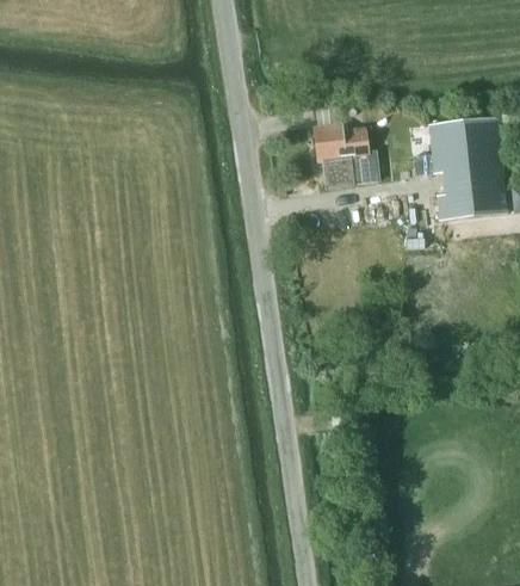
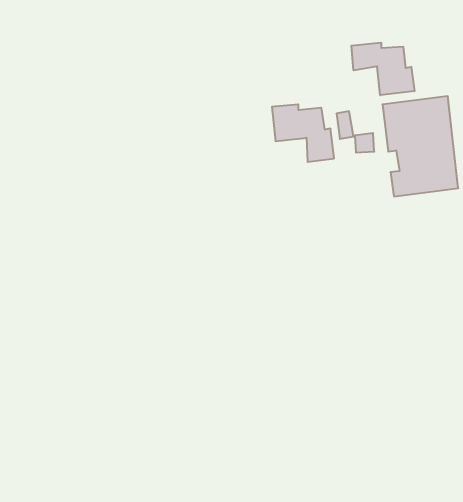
building: none -> [351,43,414,95]

